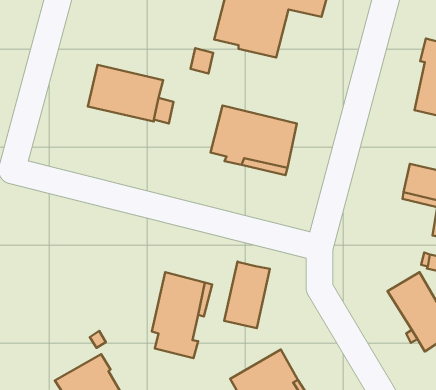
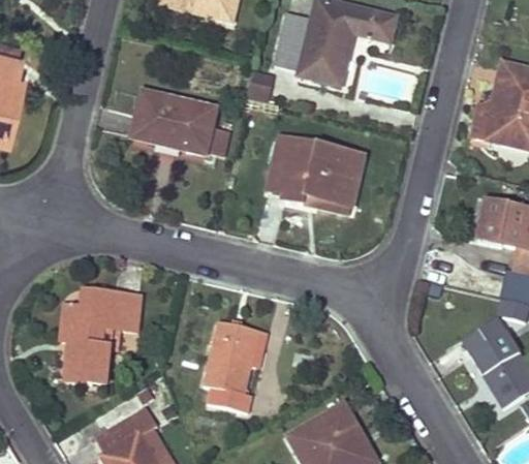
building: none -> [469,87,503,142]
building: none -> [62,290,139,383]
building: [224,261,270,328] -> none

